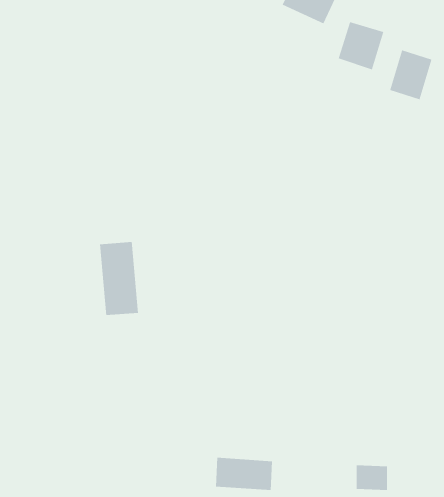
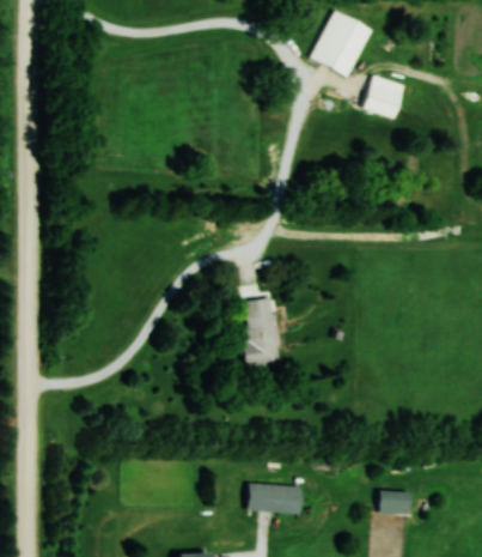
building: [390,50,432,100] -> none
building: [99,242,139,316] -> [240,298,277,368]

